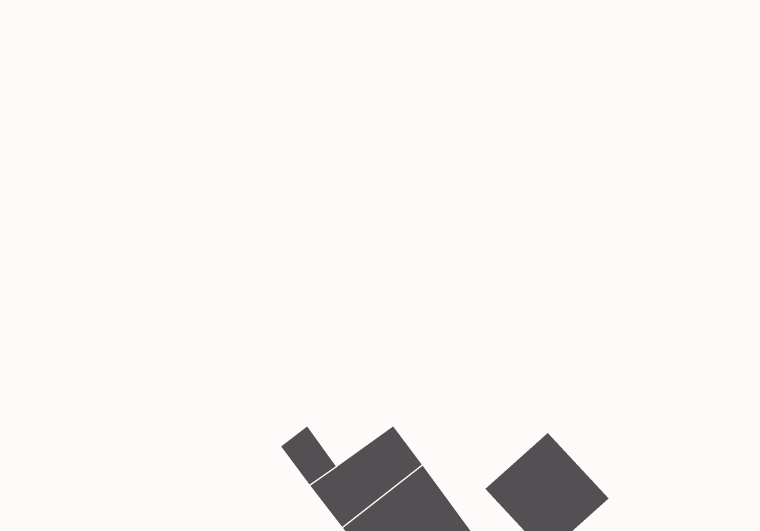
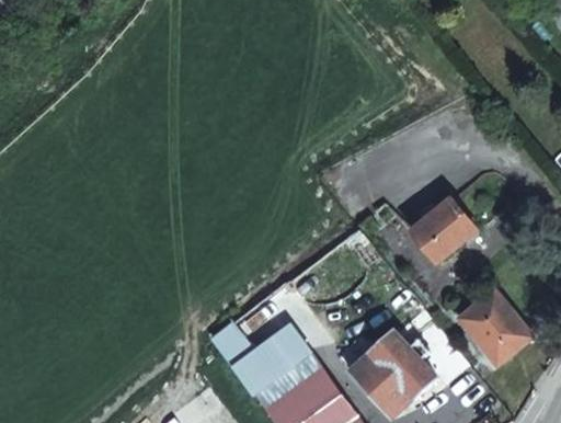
building: none -> [409,201,471,263]
building: none -> [462,293,531,365]

